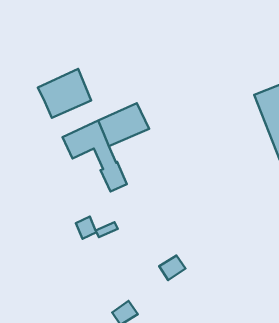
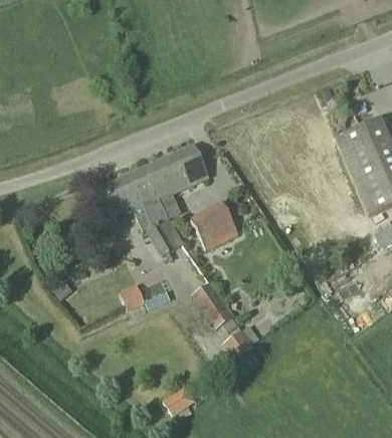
building: [38,69,91,118] -> none
building: none -> [189,201,237,247]
building: none -> [193,283,232,328]

